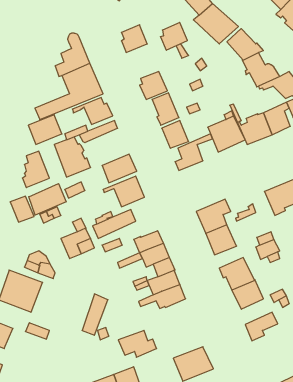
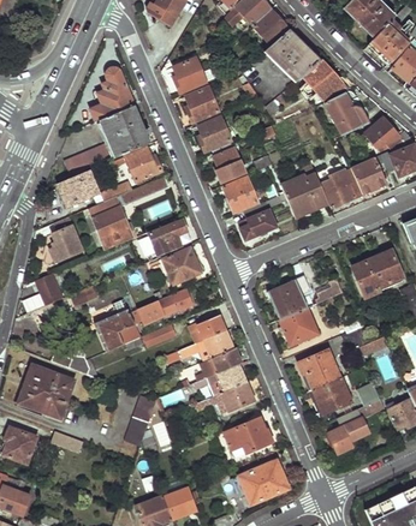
building: [160,22,187,50] -> [184,86,218,121]
building: [29,184,66,215] -> none
building: [118,330,157,357] -> [224,419,272,453]

